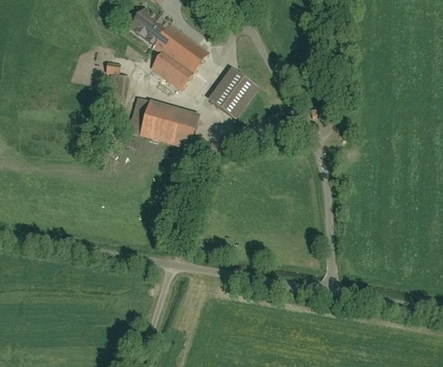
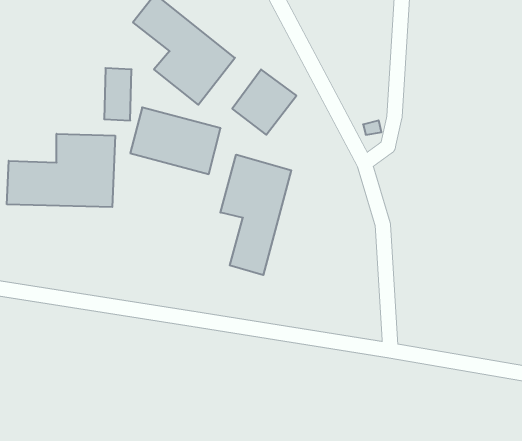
building: none -> [7,134,115,207]
building: none -> [220,155,291,275]

